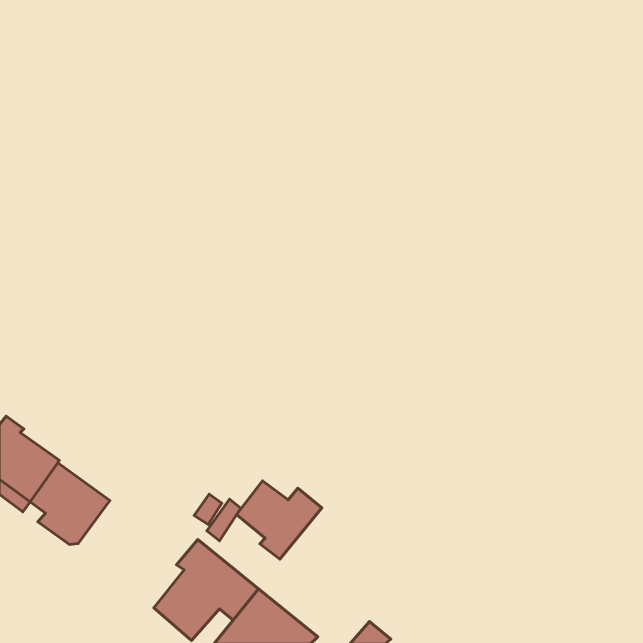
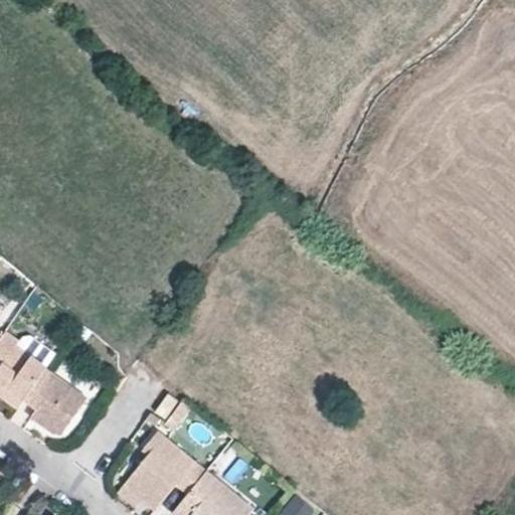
building: [237,481,322,559] -> none

